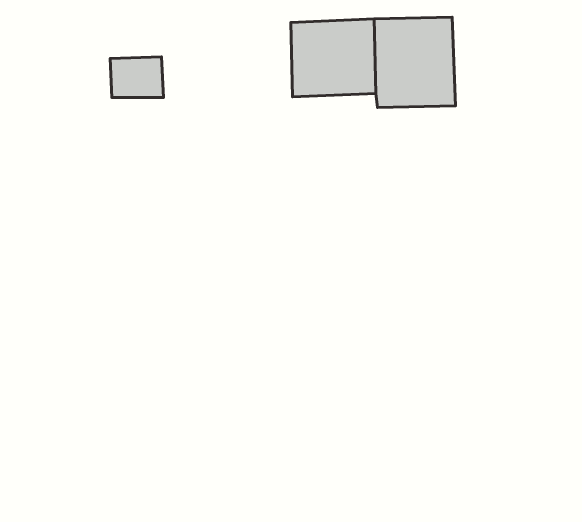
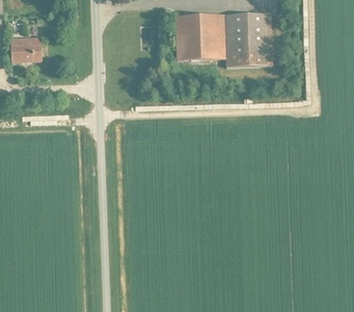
building: [110,57,163,97] -> [10,36,42,60]

